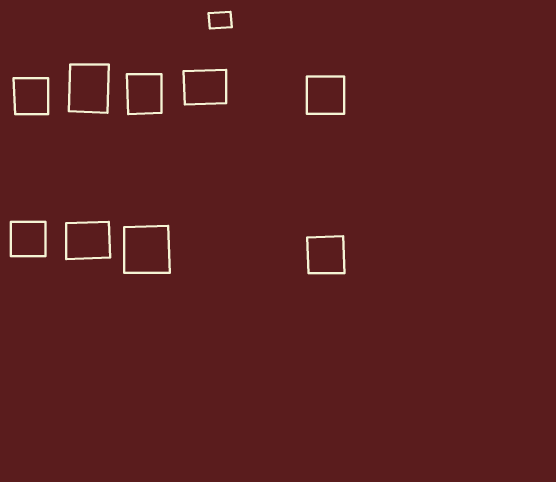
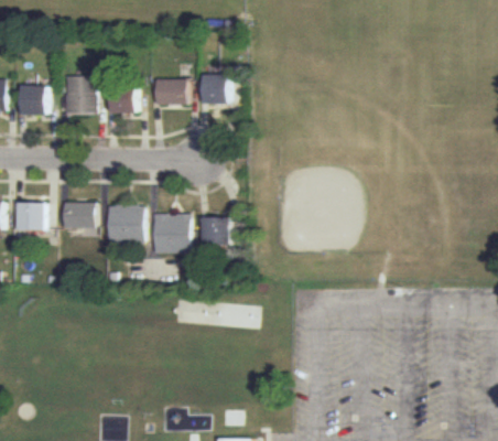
building: [307,76,344,114] -> [201,75,230,105]
building: none -> [151,213,190,254]
building: [307,236,344,273] -> [202,216,231,246]

